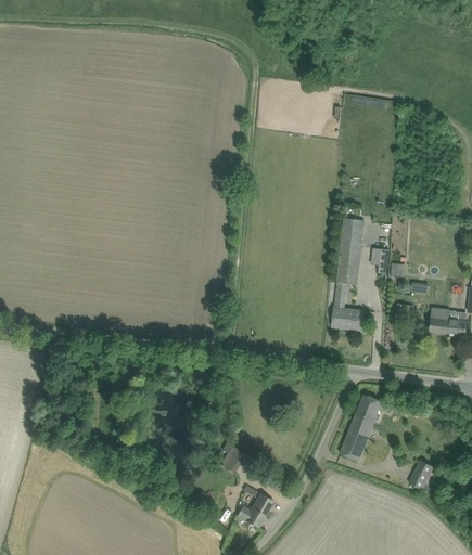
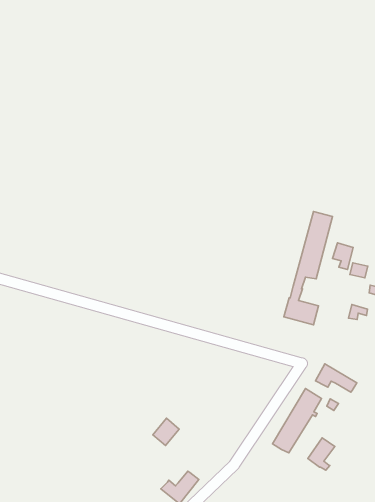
building: none -> [315,364,357,392]
building: [408,460,433,491] -> [308,438,335,470]

